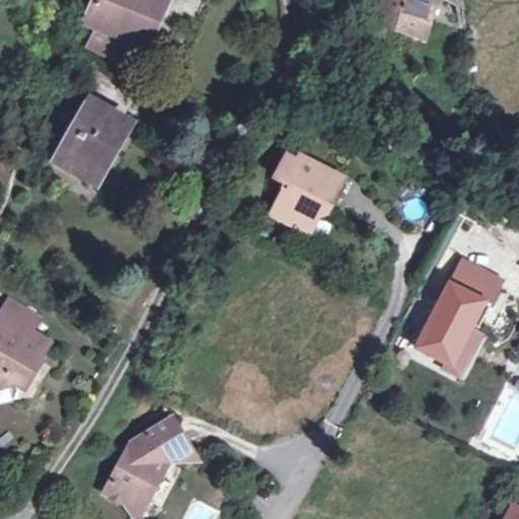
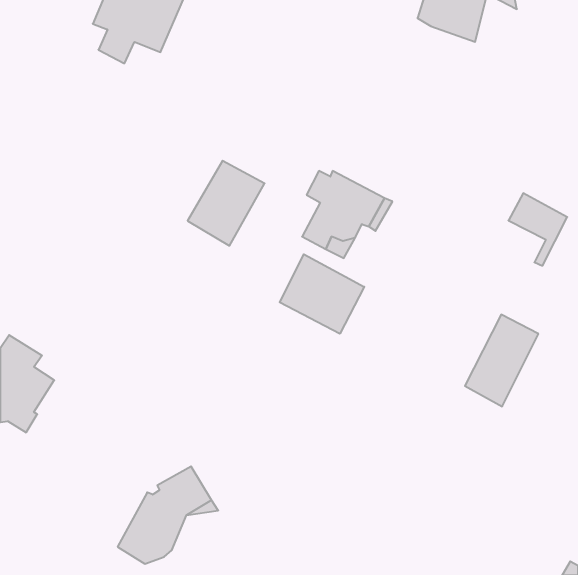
building: [56,101,125,177] -> [188,161,265,246]
building: none -> [280,254,364,334]
building: [449,257,502,322] -> [508,193,567,266]

